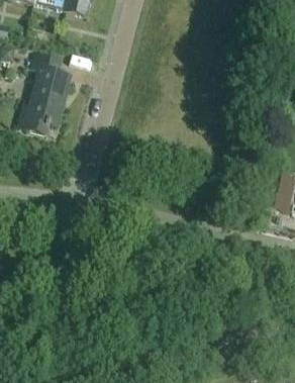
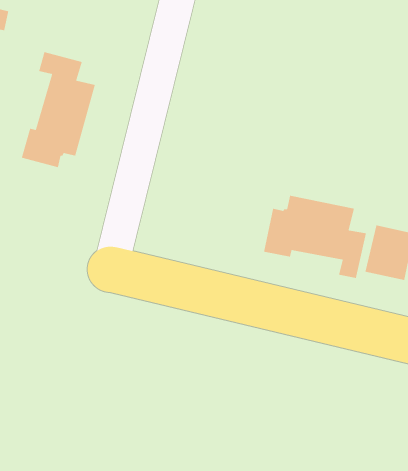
building: none -> [263,195,367,279]

